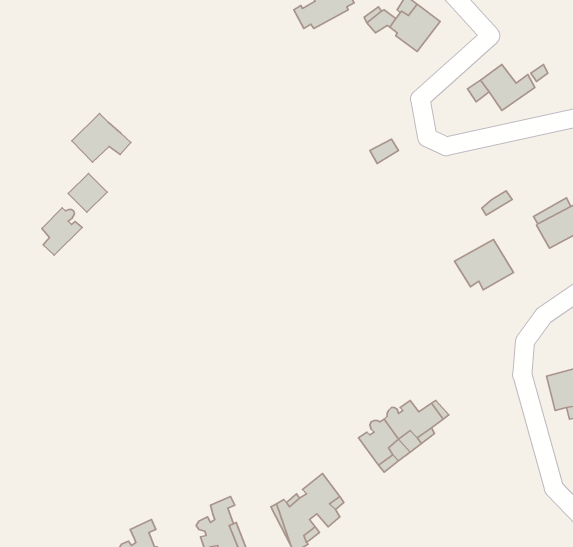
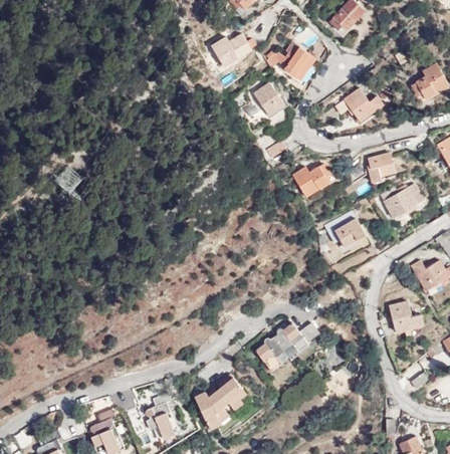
building: none -> [252,83,283,117]
building: [72,113,131,162] -> none
building: none -> [369,154,395,183]
building: none -> [292,164,329,196]
building: [42,208,82,255] -> none

